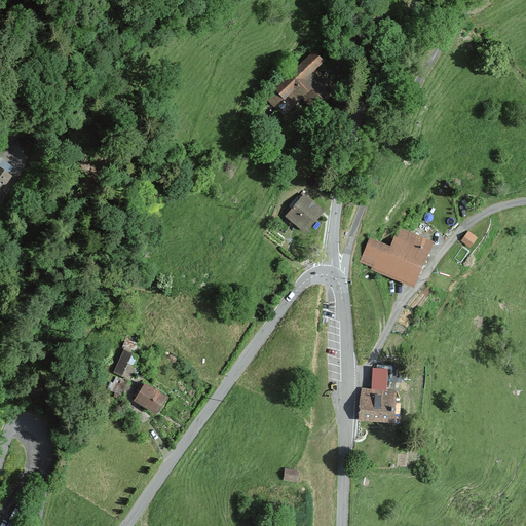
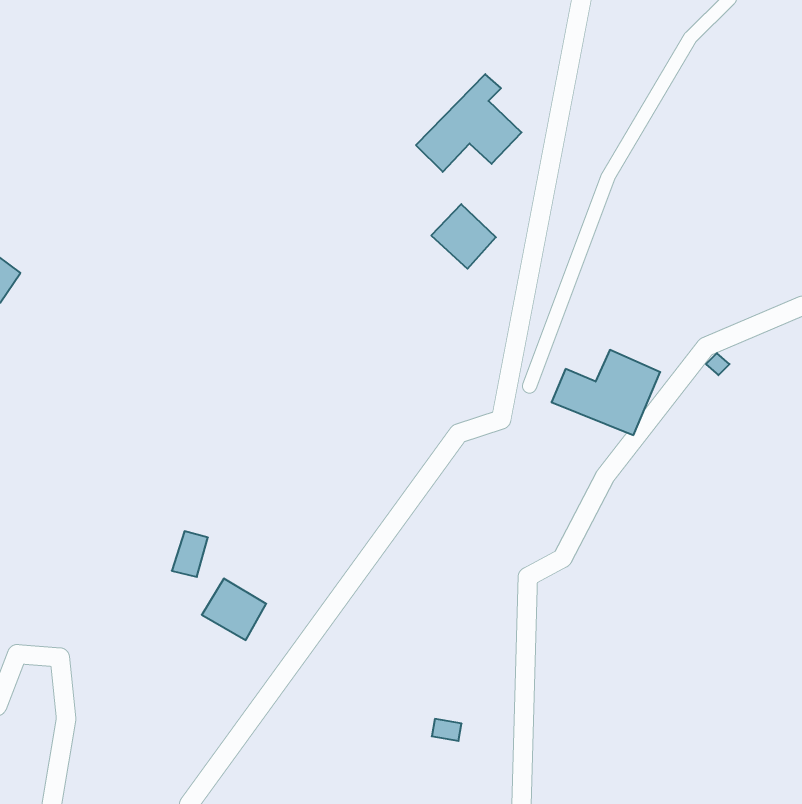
building: [279,192,322,234] -> [431,204,496,269]
building: [359,366,405,425] -> none

